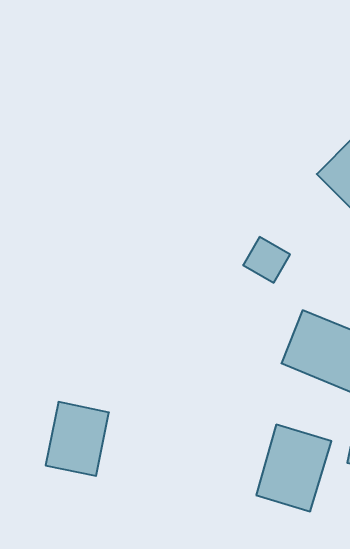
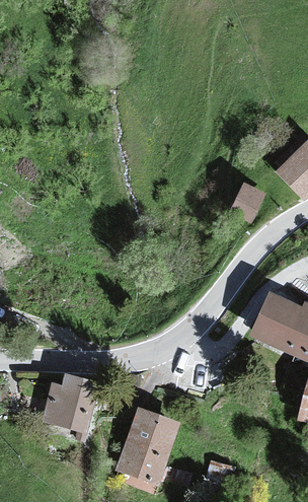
building: [243,237,290,283] -> [228,184,268,223]
building: [256,425,331,511] -> [115,407,180,482]

